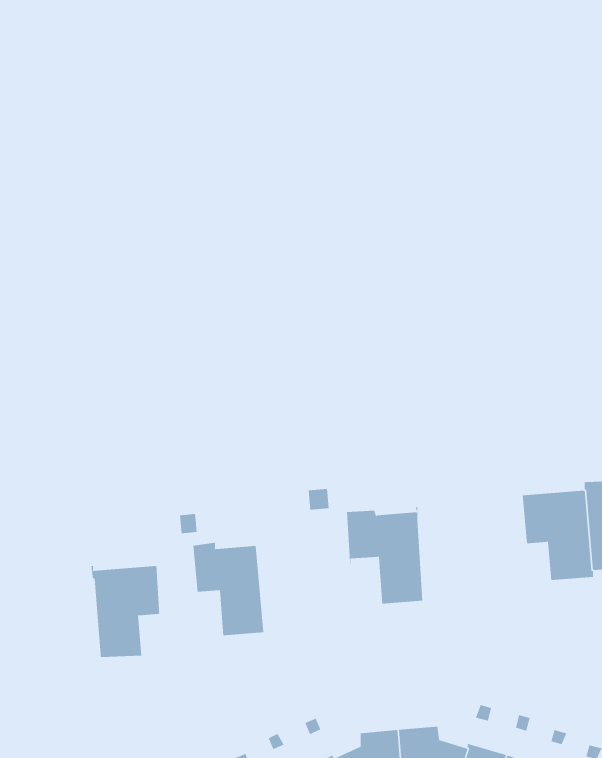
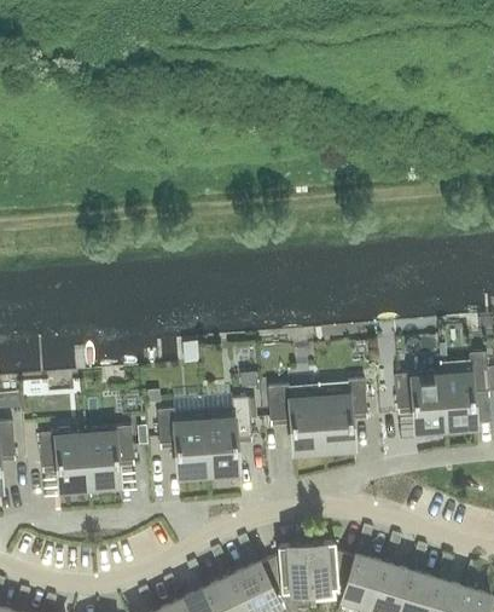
building: none -> [320,380,367,451]
building: none -> [203,398,252,474]
building: none -> [40,432,91,496]

